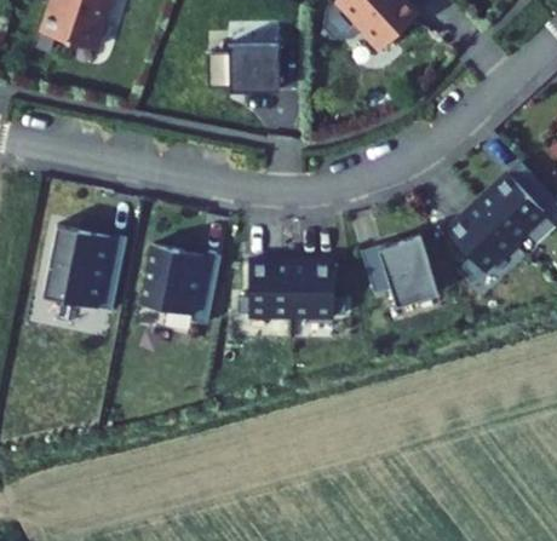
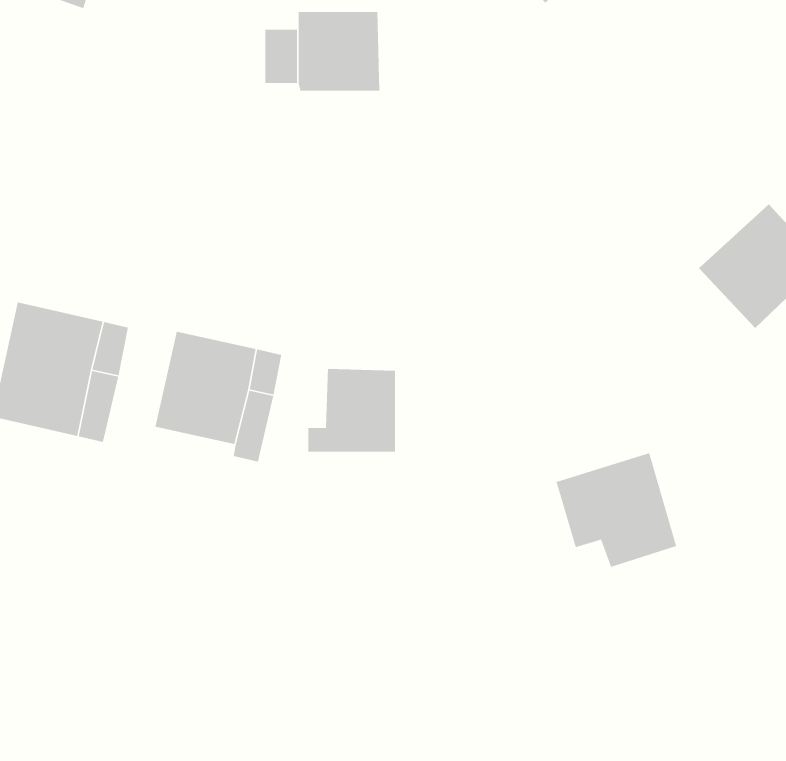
building: [446,203,512,278] -> none
building: [363,235,438,306] -> [555,452,677,568]
building: [291,266,344,318] -> none

